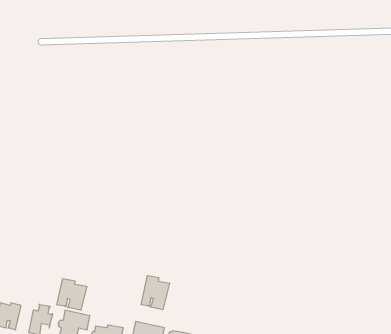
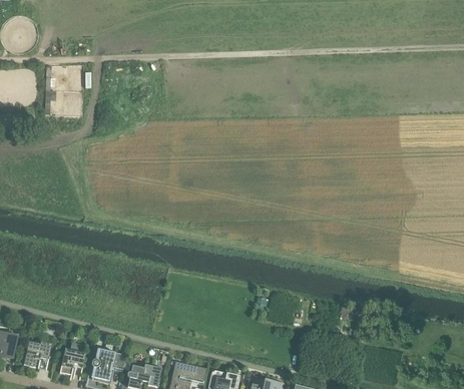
building: [141,276,169,310] -> none
building: [57,279,87,310] -> none

